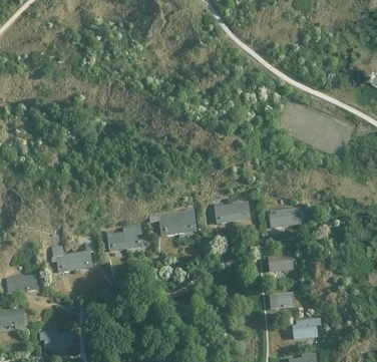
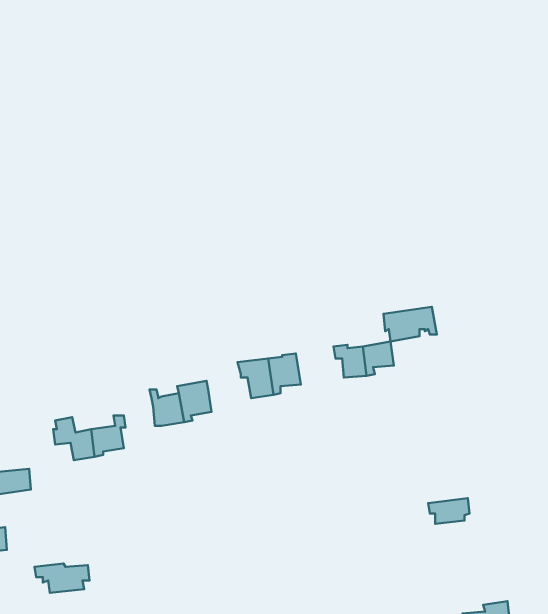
building: [269,208,300,228] -> [384,307,437,341]
building: [268,250,295,271] -> none
building: [292,319,321,339] -> none

